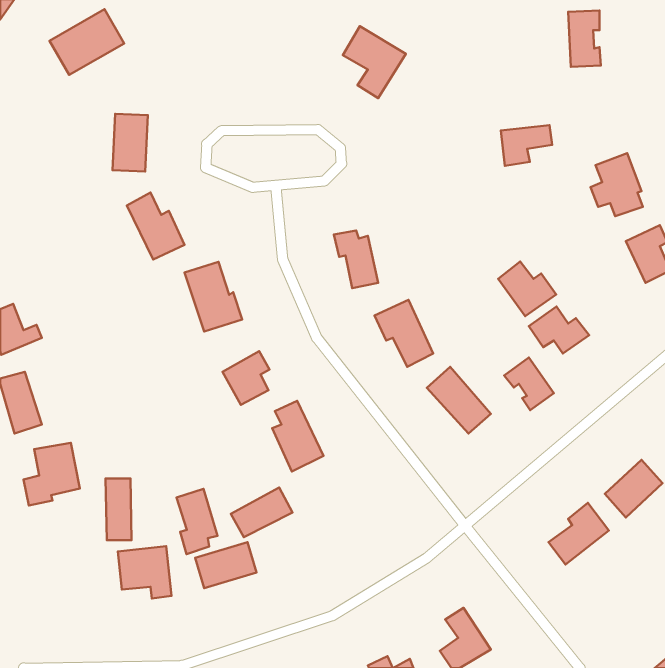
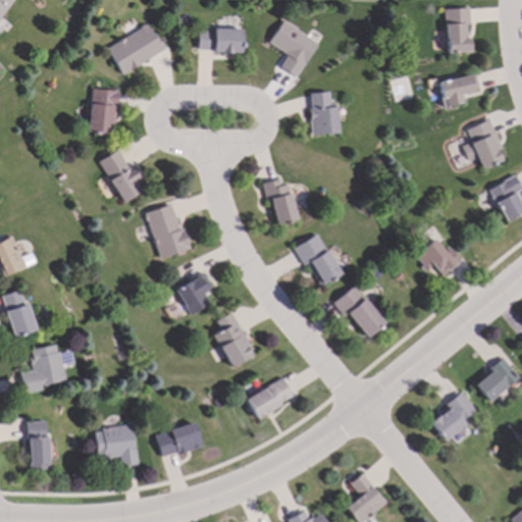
building: [50,9,124,75] -> [108,23,166,74]
building: none -> [199,29,243,52]
building: none -> [311,92,338,135]
building: [501,125,552,166] -> [440,75,480,107]
building: [498,262,556,316] -> none
building: [504,358,554,410] -> none
building: [105,479,132,540] -> [29,421,49,469]
building: [231,488,292,537] -> [246,378,294,417]
building: [176,489,218,554] -> none

